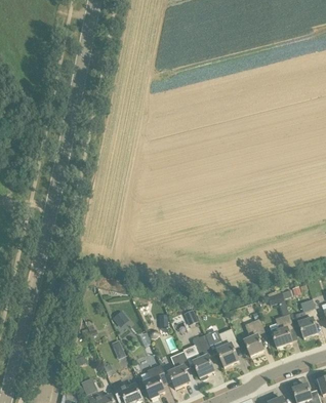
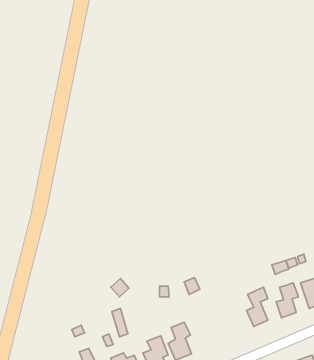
building: [213,327,239,366] -> none
building: [192,333,214,379] -> none

